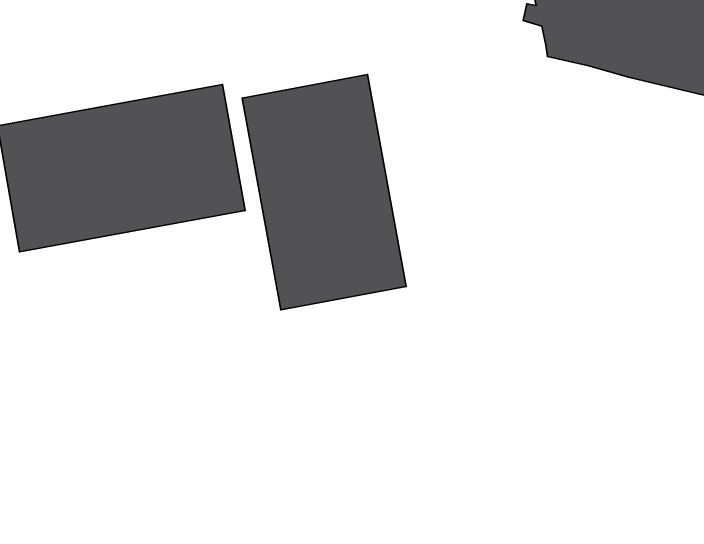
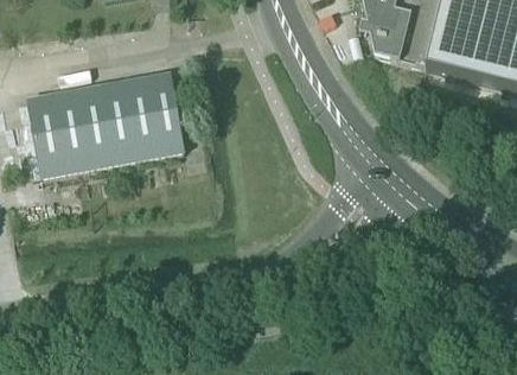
building: [242,75,406,310] -> none

